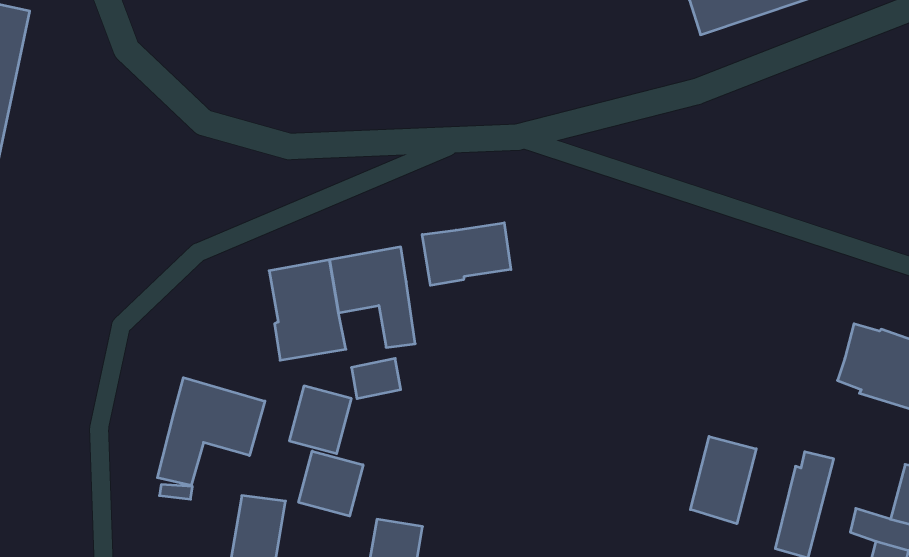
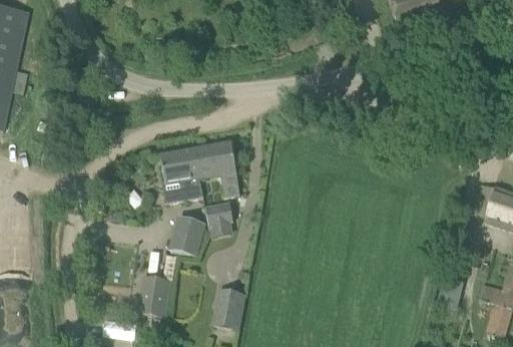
building: [422,223,511,285] -> none
building: [157,378,265,486] -> none
building: [690,436,756,524] -> none
building: [299,451,363,516] -> none

